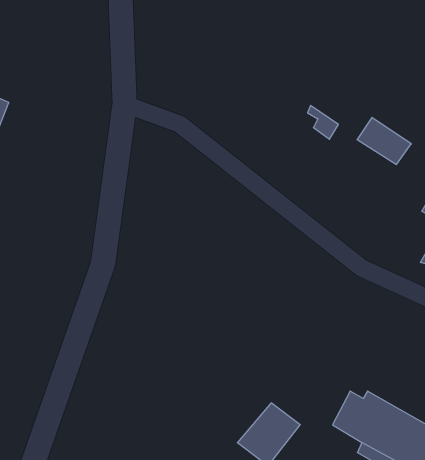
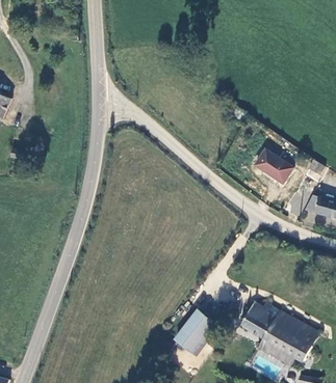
building: [357,118,411,164] -> [254,149,292,183]

